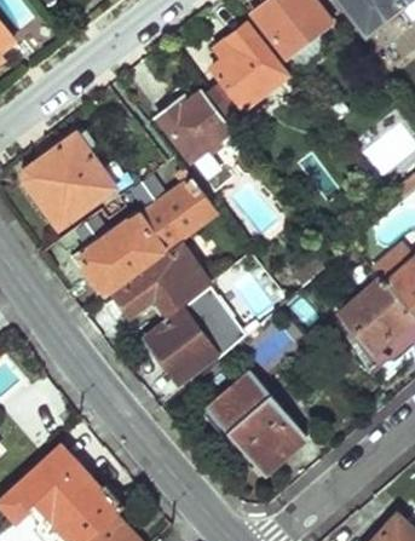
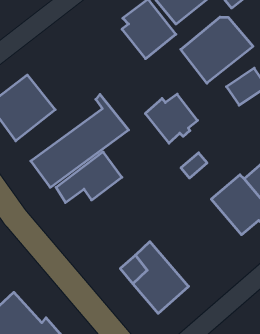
building: none -> [181,17,253,83]
building: [156,90,231,160] -> [145,94,198,143]
building: [145,290,244,384] -> none

